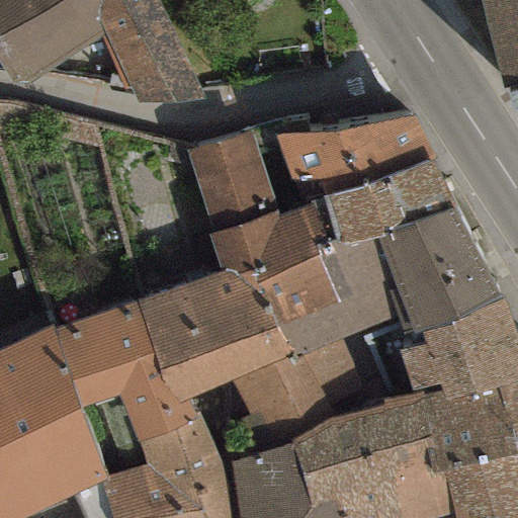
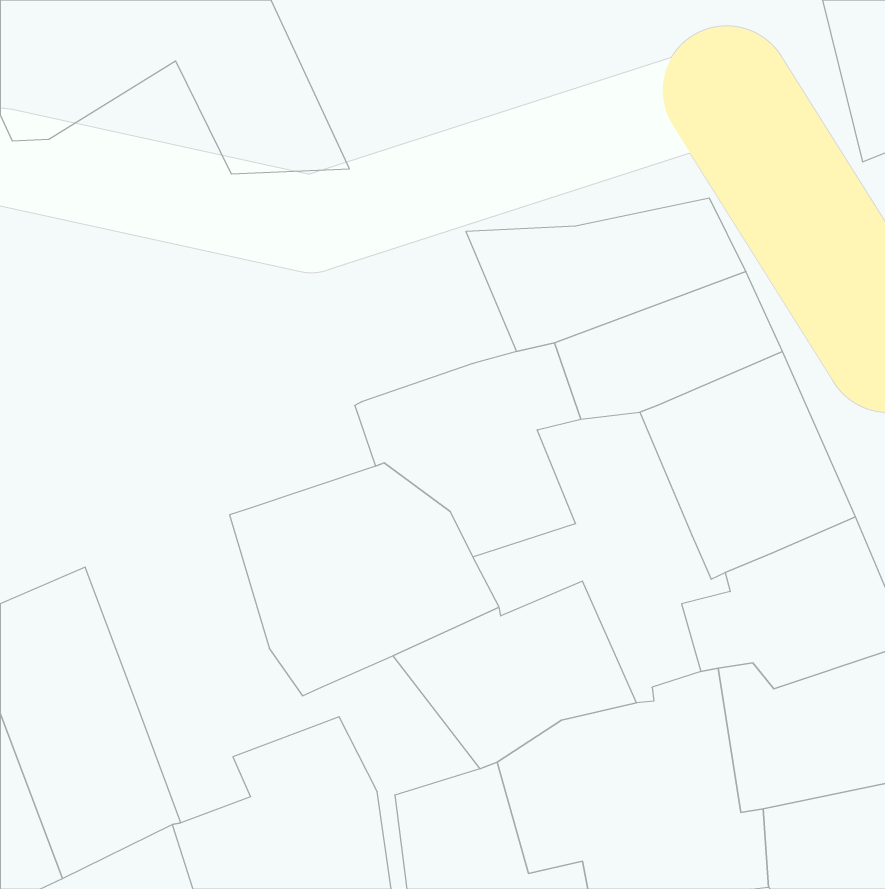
building: [186,131,277,234] -> none
building: [277,240,405,358] -> none
building: [52,299,199,440] -> none

